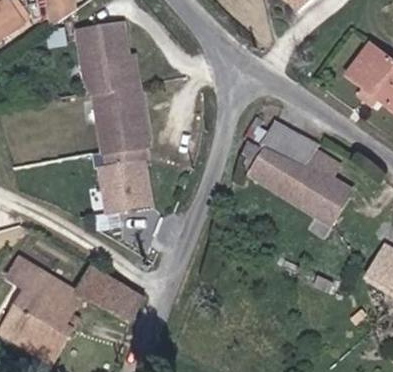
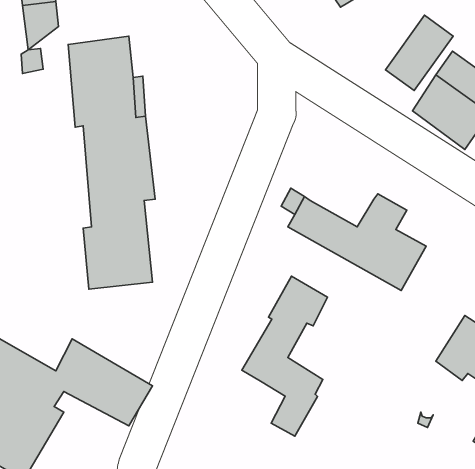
building: none -> [386,15,453,91]
building: [263,123,316,172] -> none
building: none -> [242,276,328,436]

